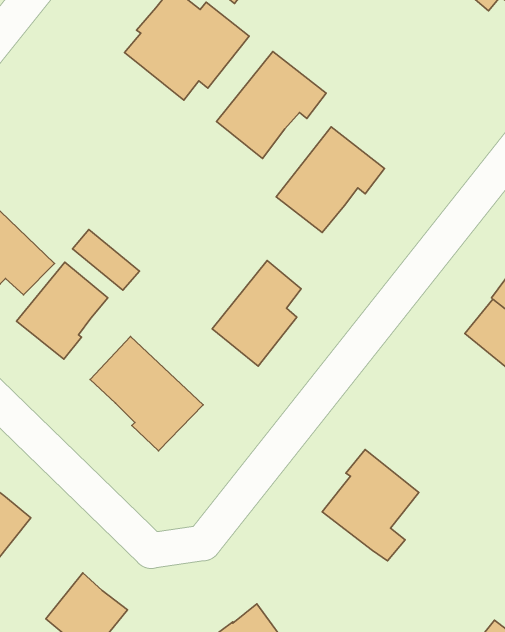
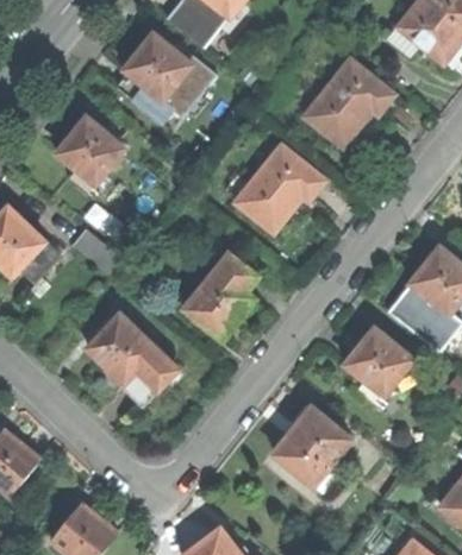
building: [216,52,326,159] -> [305,59,393,145]
building: none -> [55,116,124,190]
building: [17,262,108,359] -> none
building: none -> [343,327,412,401]

